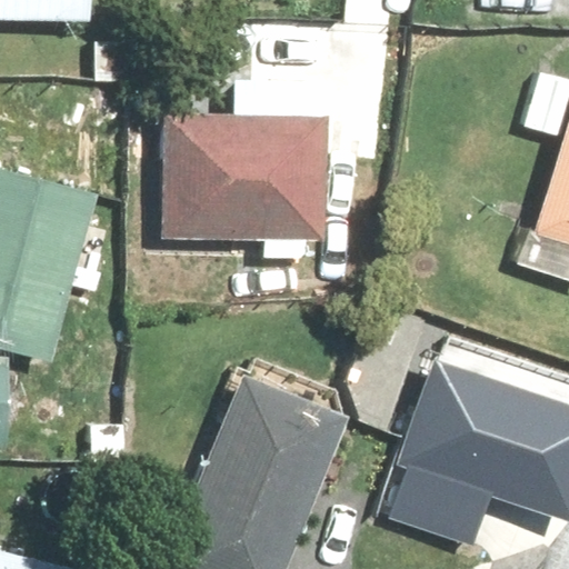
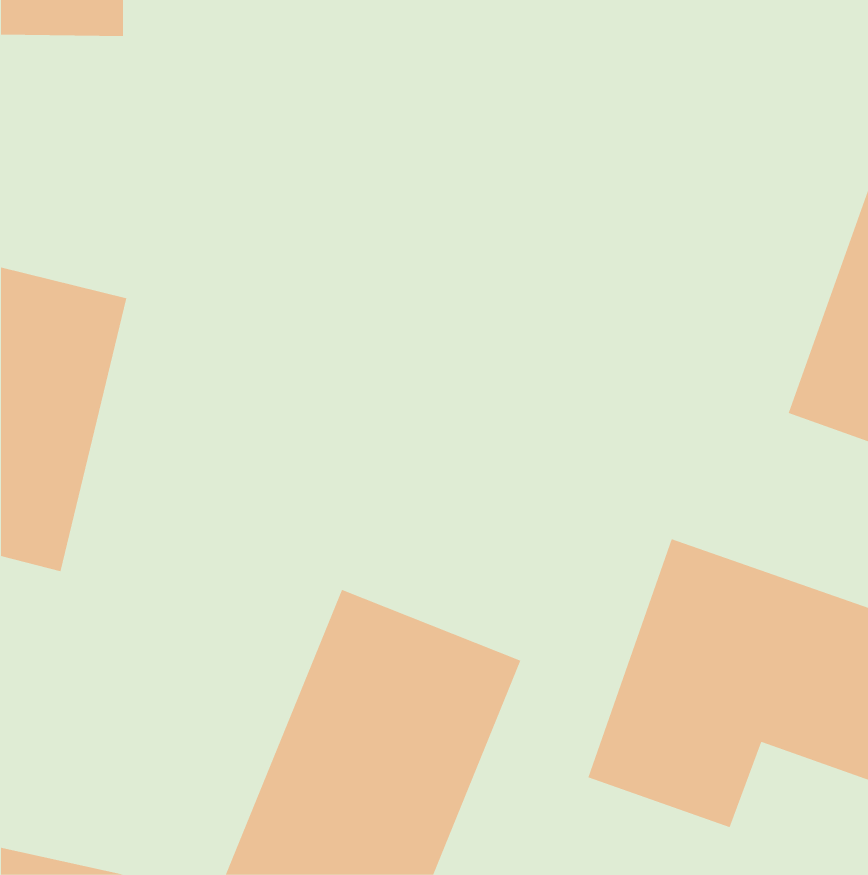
building: [156,116,332,274] -> none

